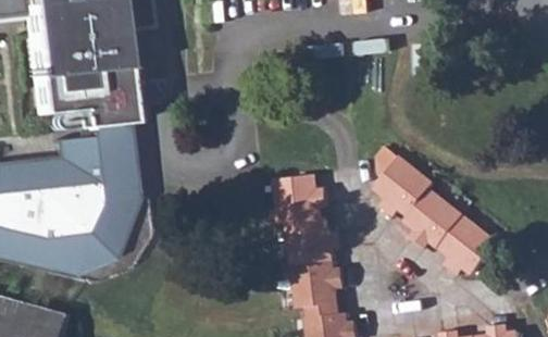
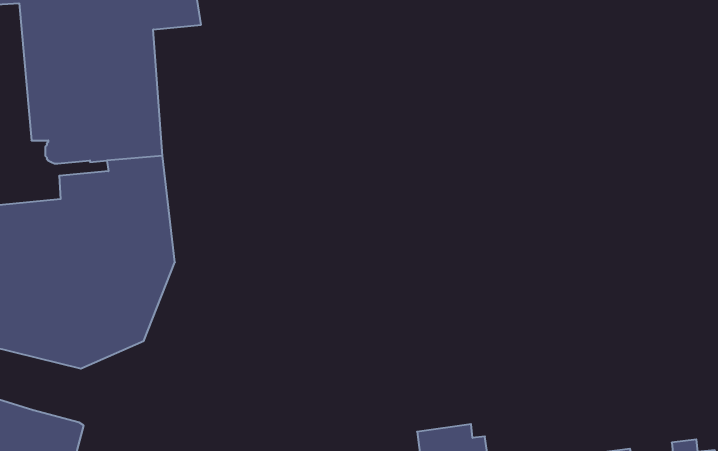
building: [371,145,497,274] -> none
building: [276,172,344,309] -> none

